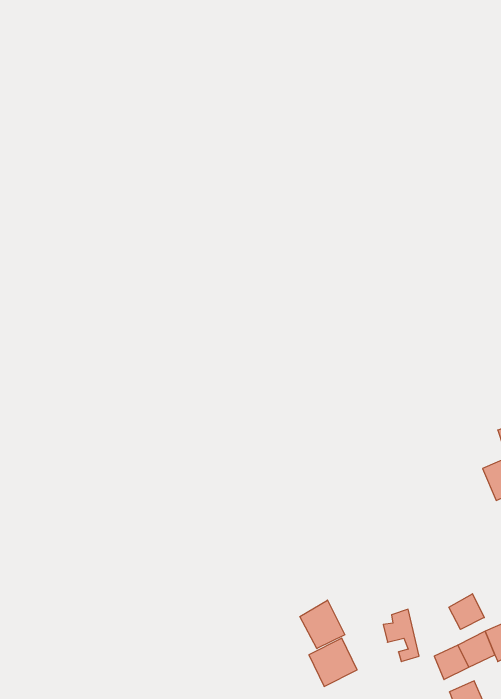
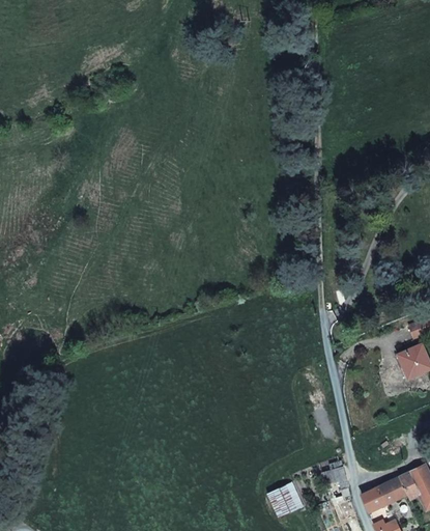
building: [449,594,484,629] -> none
building: [300,600,345,649] -> none

